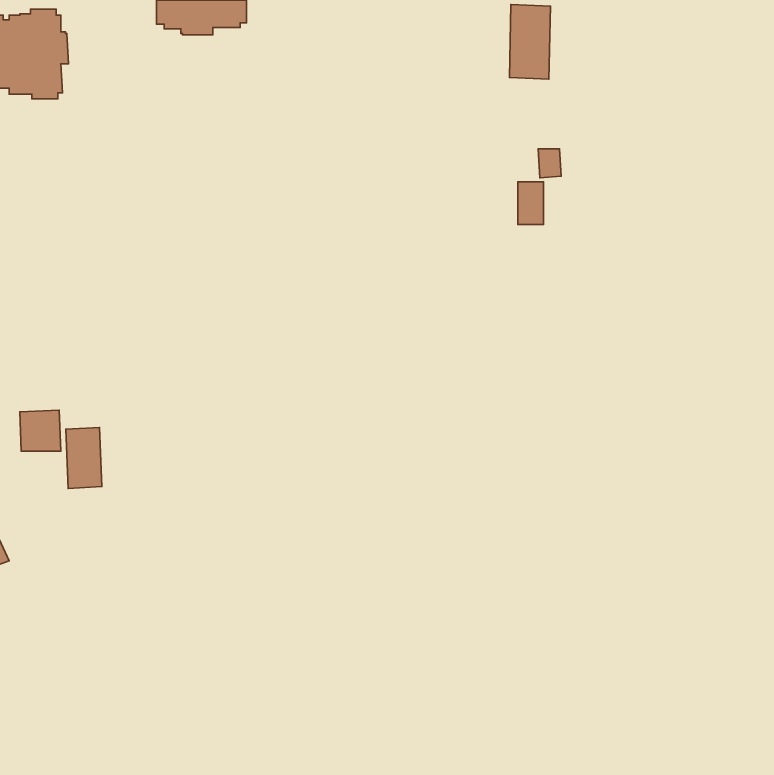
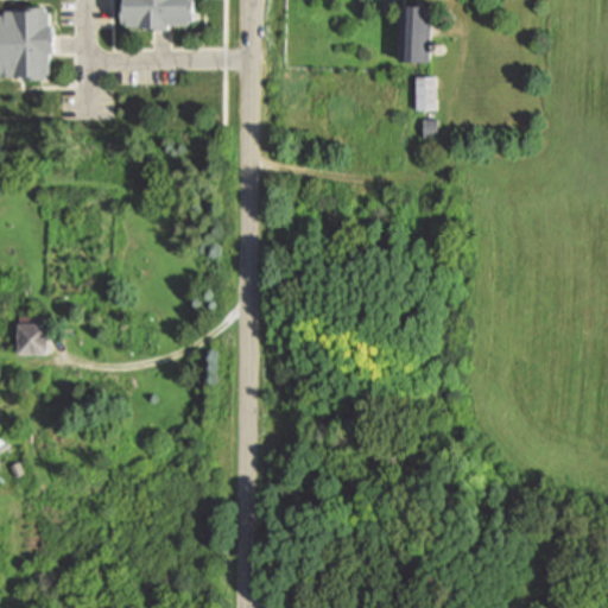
building: [518,182,544,224] -> [414,77,435,110]
building: [66,427,102,488] -> none

